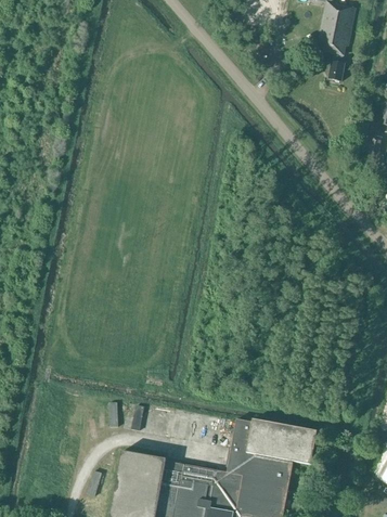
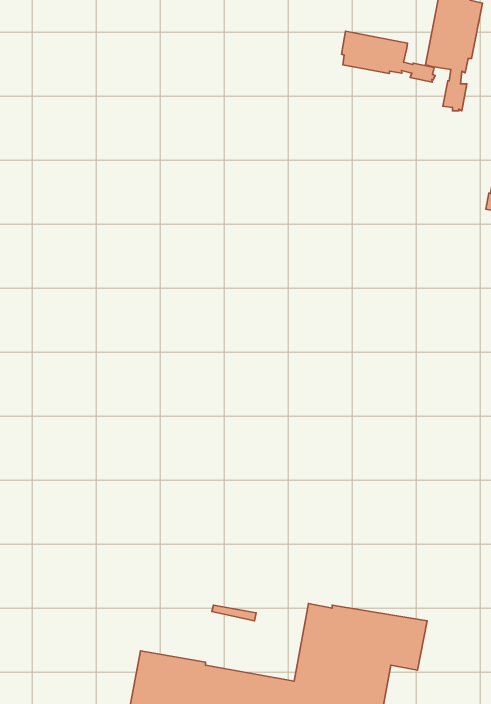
building: none -> [342,31,435,82]

